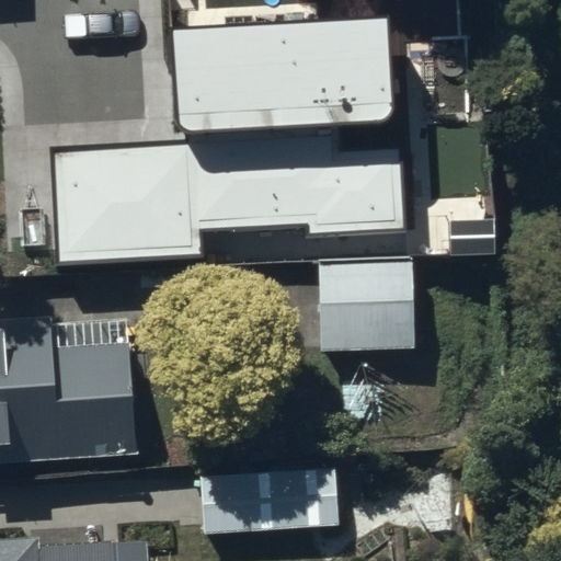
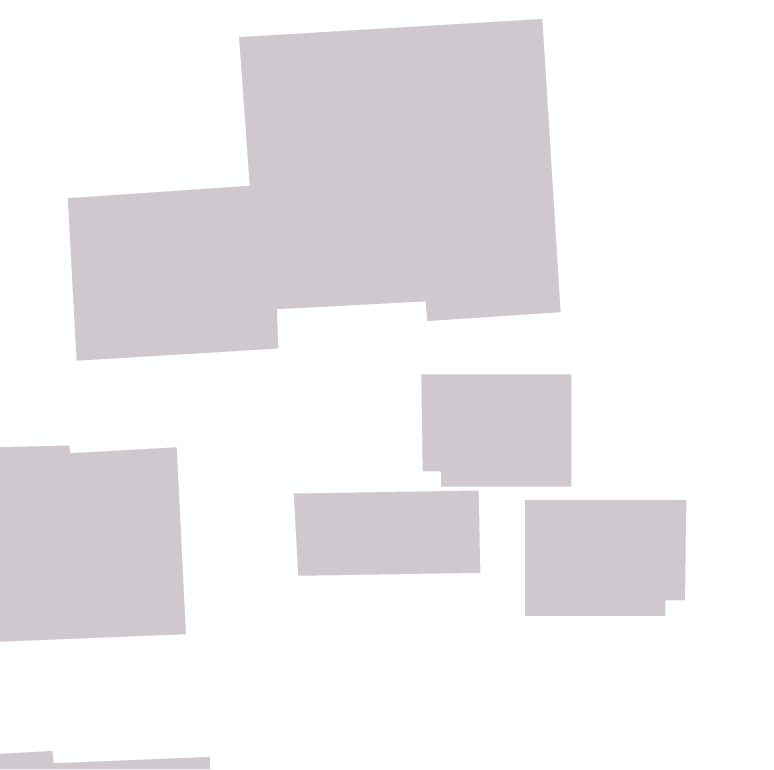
building: none -> [524,499,687,617]
building: [199,471,335,534] -> [293,490,481,576]

